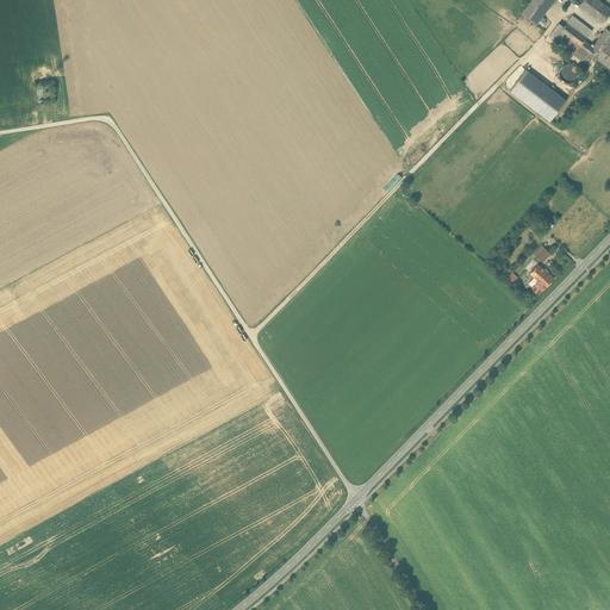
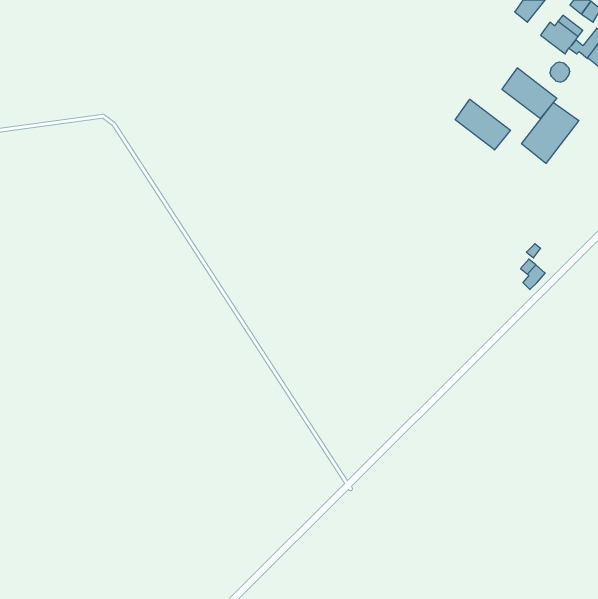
building: none -> [455,99,510,150]
building: none -> [522,102,579,163]

